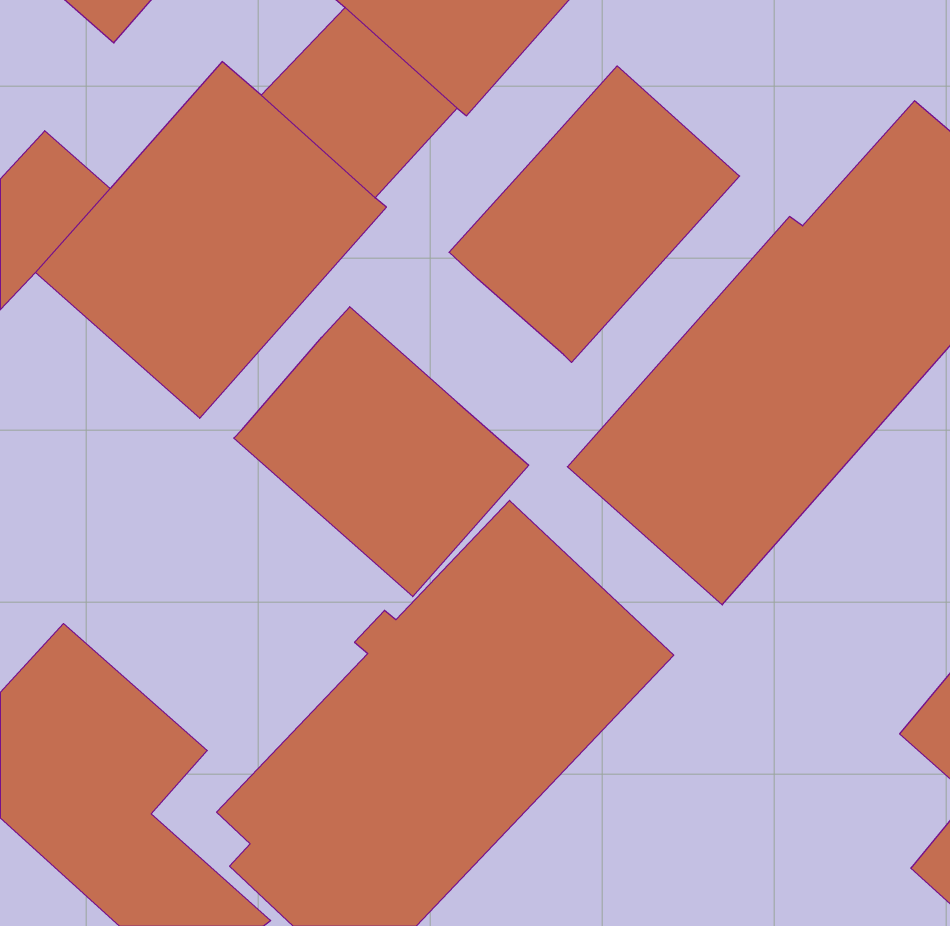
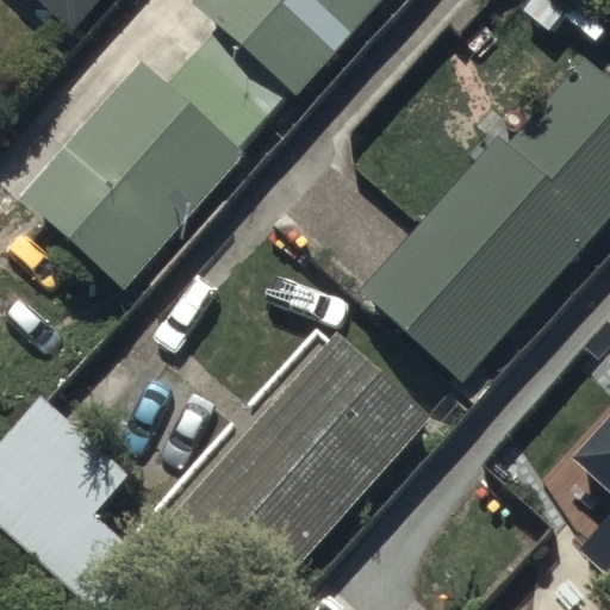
building: [449,66,740,362] -> none
building: [234,307,529,597] -> none

